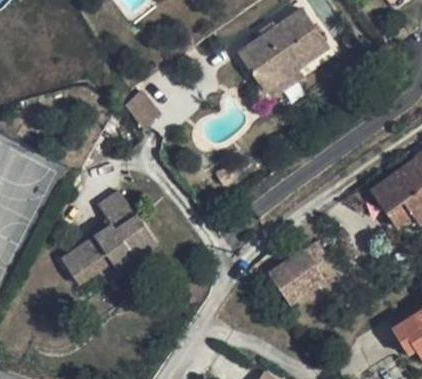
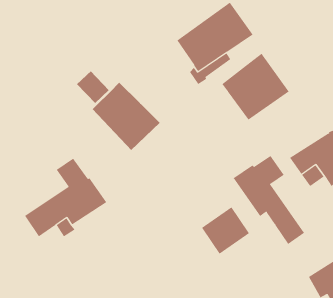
building: none -> [221,53,289,121]
building: none -> [92,82,161,151]
building: none -> [233,155,305,245]

